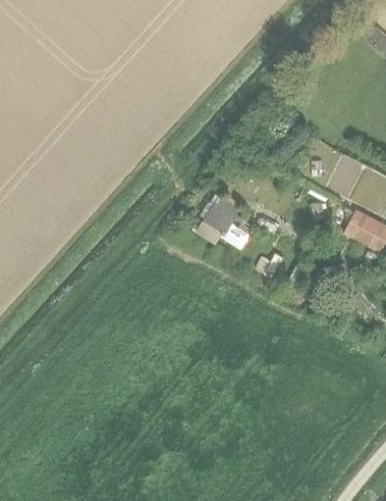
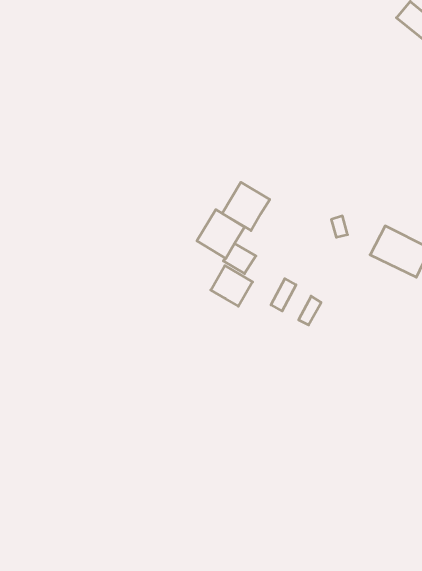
building: none -> [222,182,270,231]
building: none -> [211,266,253,306]

